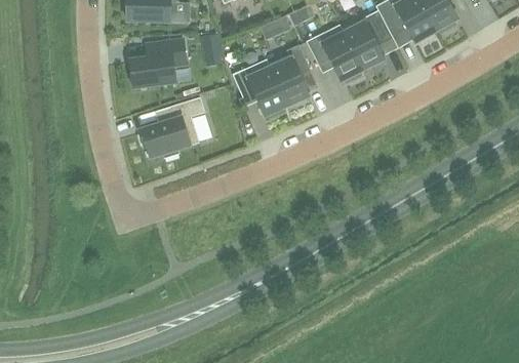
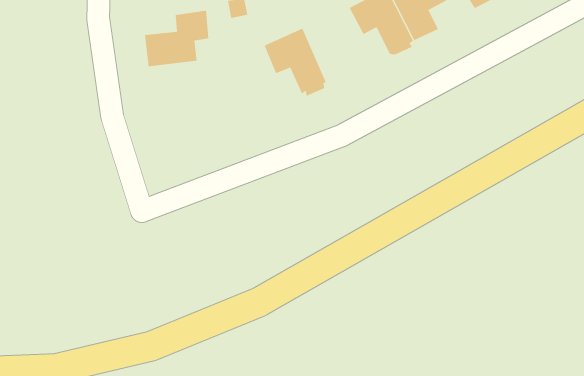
building: [267,44,311,106] -> none
building: [141,95,206,157] -> none

